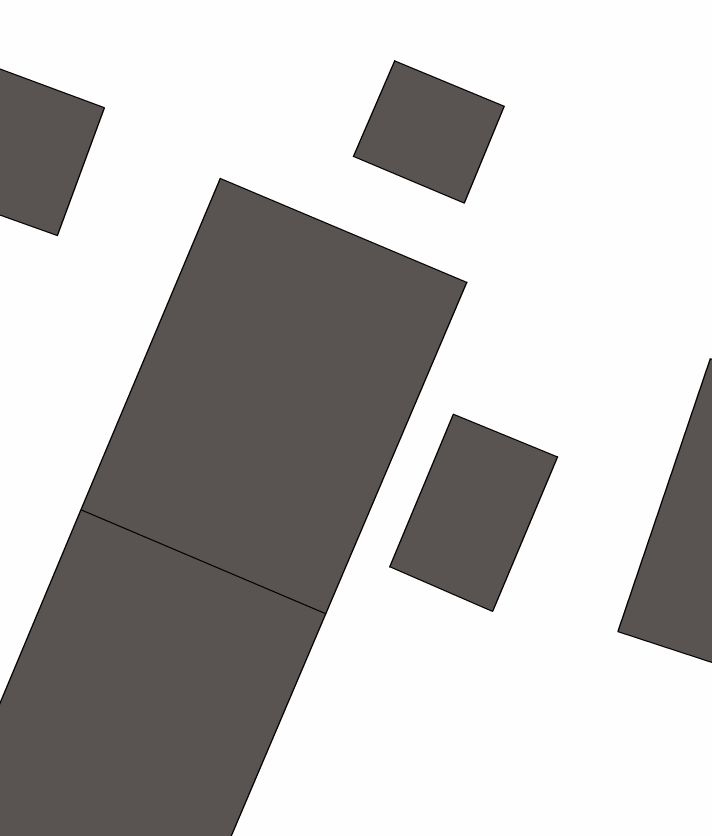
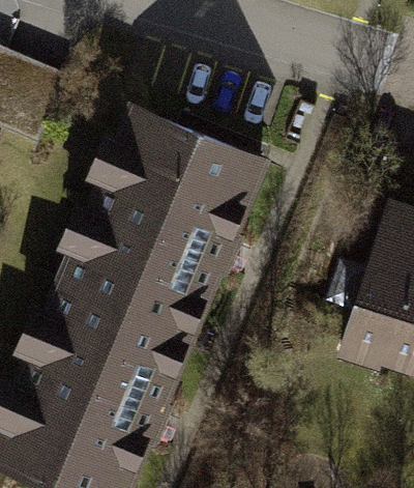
building: [353,61,504,203] -> none
building: [390,414,557,611] -> none

